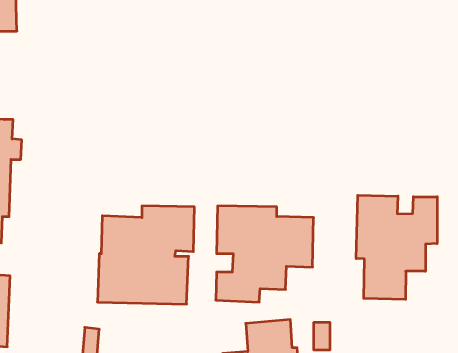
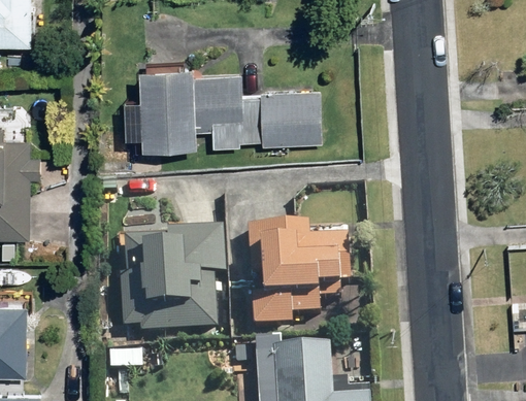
building: none -> [141,58,323,146]
building: [356,195,437,299] -> none

